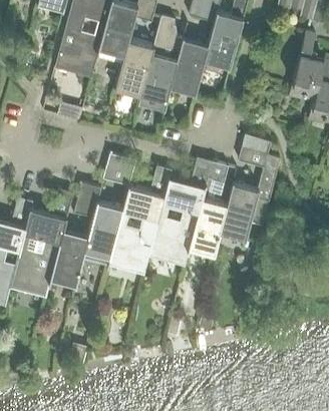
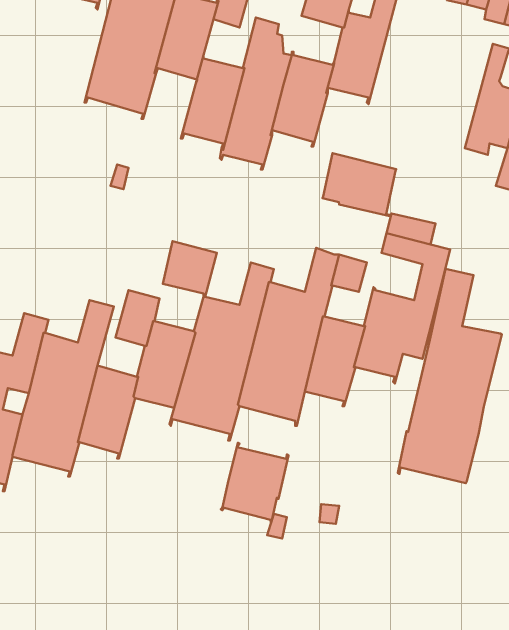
building: none -> [322,153,396,216]
building: none -> [398,269,502,483]
building: none -> [221,443,288,523]

